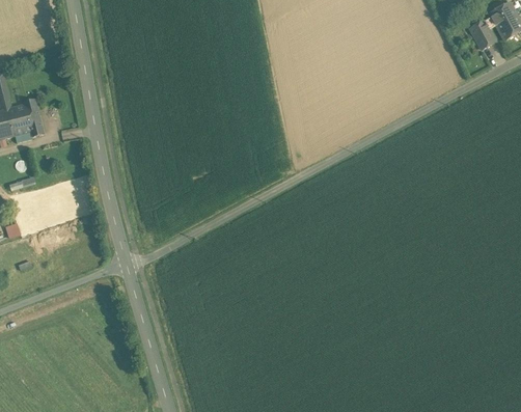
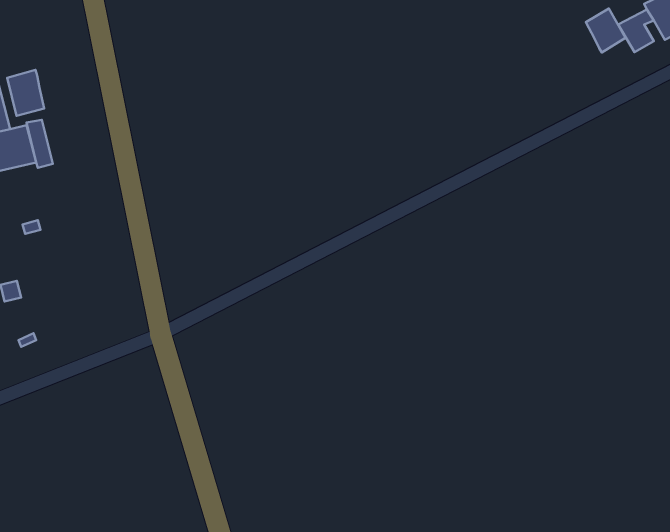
building: none -> [586,9,626,52]
building: none -> [7,70,44,116]

